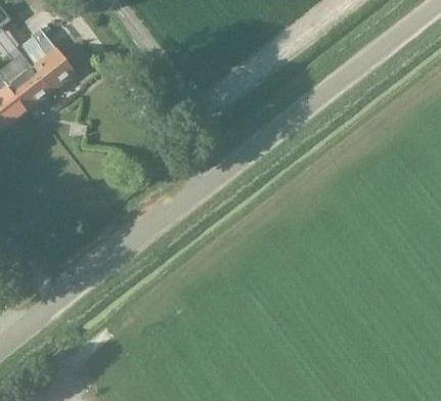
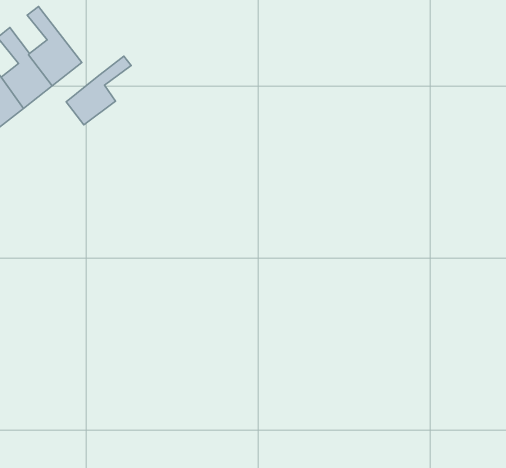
building: none -> [66,56,131,125]

